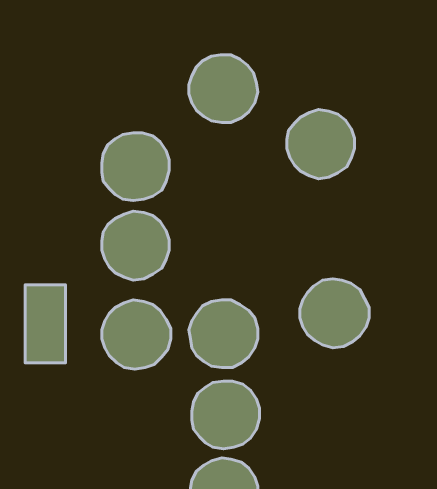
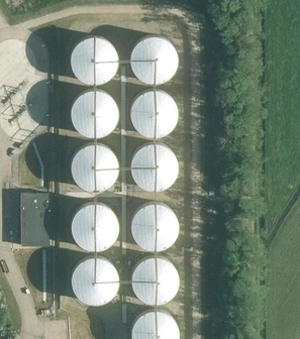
building: none -> [71,39,117,85]
building: [287,110,354,179] -> [130,91,176,137]
building: [300,279,369,348] -> [130,144,177,191]
building: none -> [71,257,116,304]

